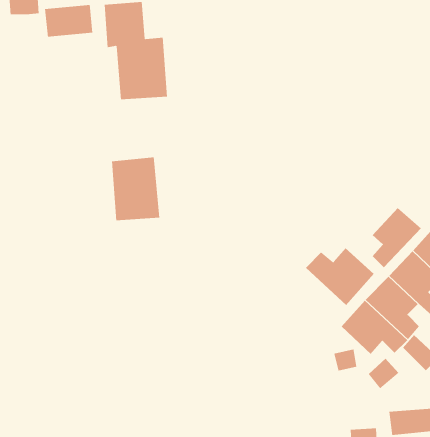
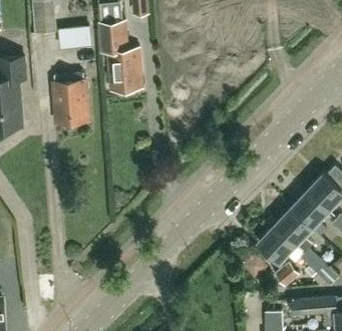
building: [111,157,160,221] -> [53,80,86,123]
building: [372,207,422,268] -> none
building: [305,248,374,306] -> none

